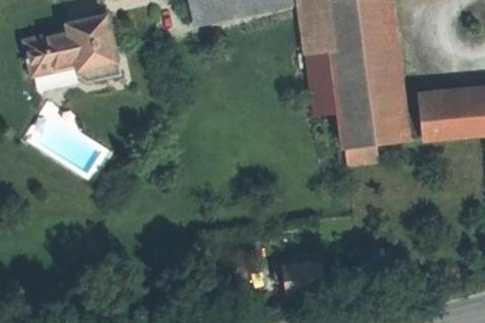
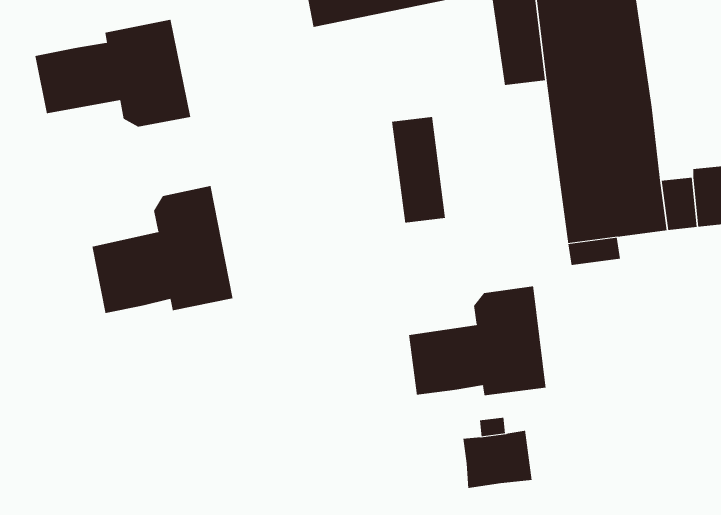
building: [306,51,339,115] -> [391,117,446,223]
building: none -> [92,185,233,314]
building: none -> [409,285,546,396]

